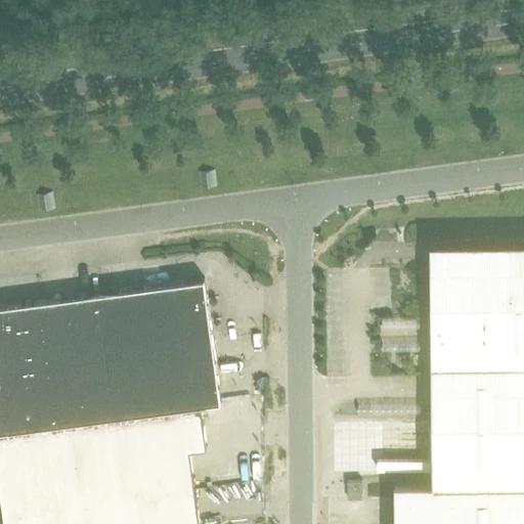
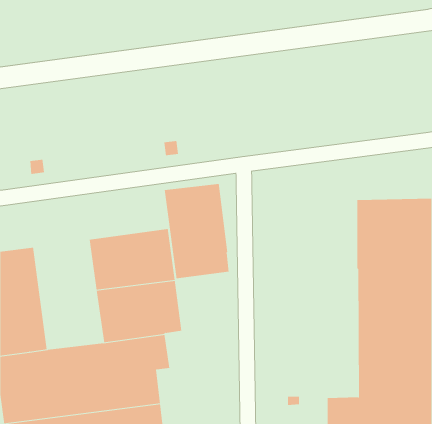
building: none -> [164,183,229,279]
building: [41,300,125,433] -> none

